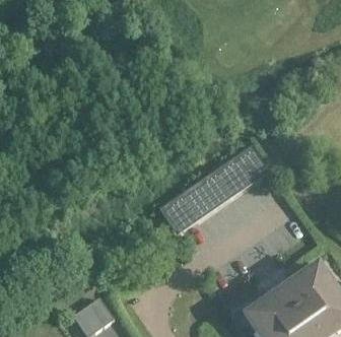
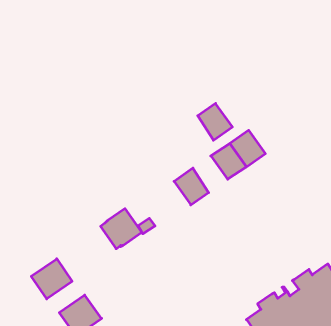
building: [199,168,230,202] -> [198,103,232,140]
building: [159,192,197,228] -> [101,209,142,249]
building: none -> [31,259,72,299]

